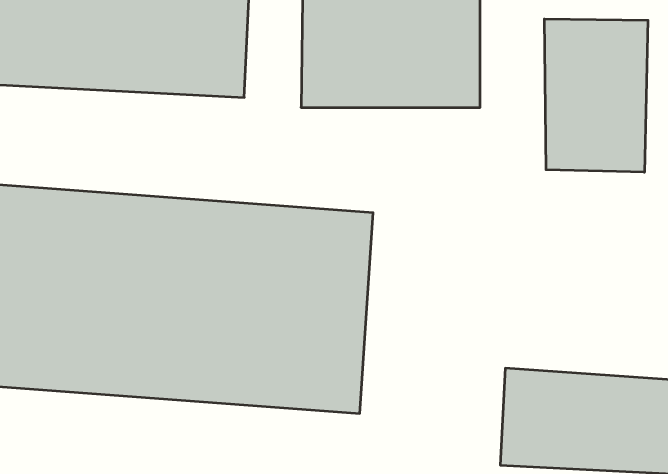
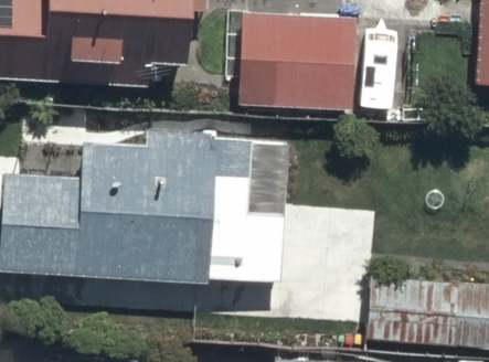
building: [544,19,648,172] -> none

